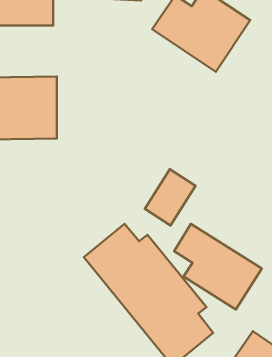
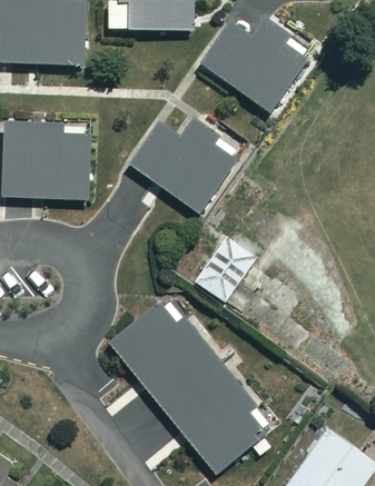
building: none -> [129,117,255,217]
building: [174,224,262,309] -> none

